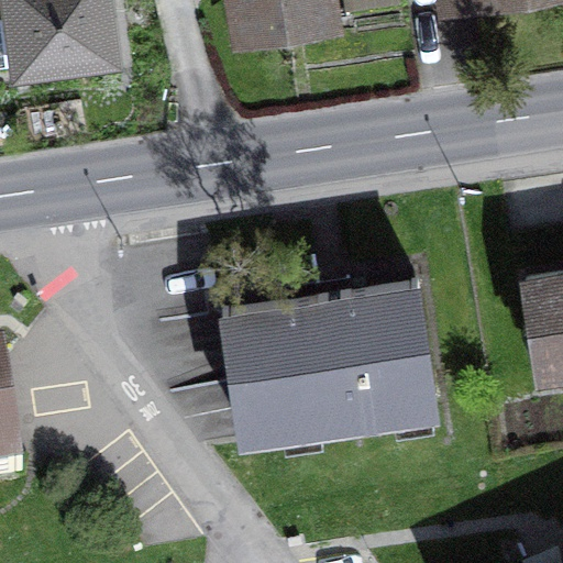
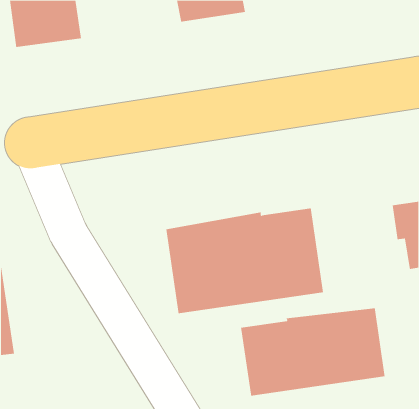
building: none -> [241,307,385,397]

